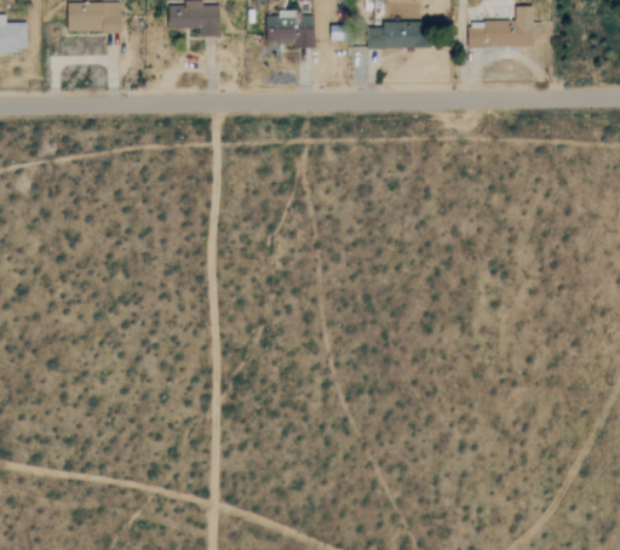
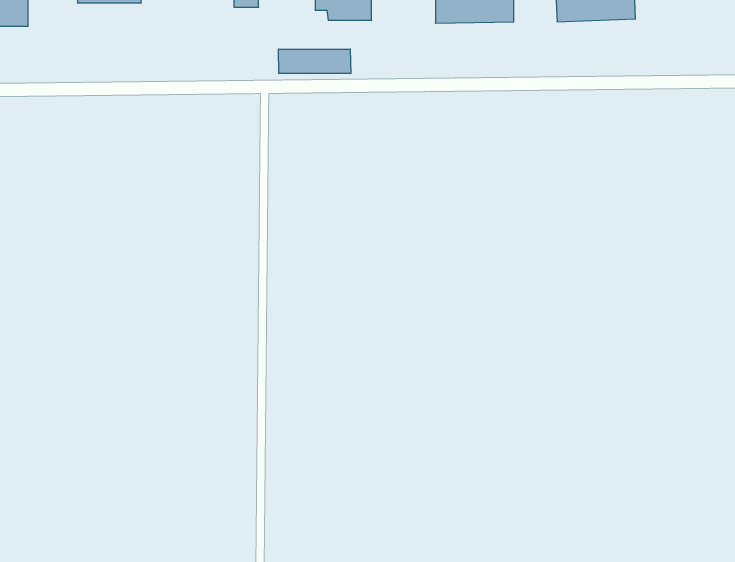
building: none -> [278,49,351,74]

